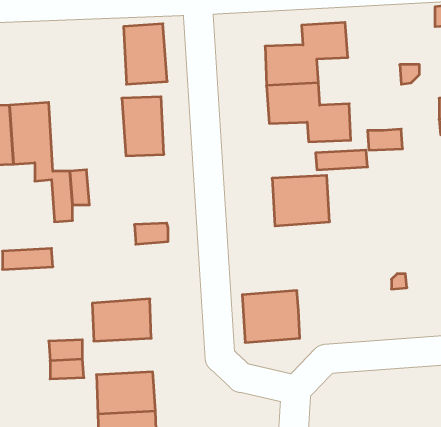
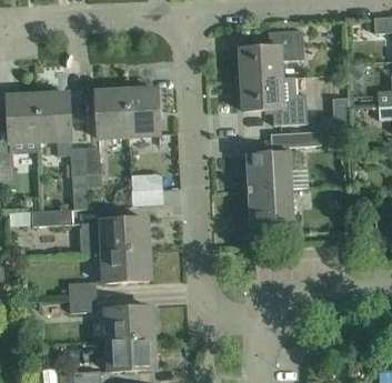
building: [124,24,167,84] -> [96,90,130,138]
building: none -> [76,218,149,253]
building: [242,291,300,342] -> [248,188,293,229]

